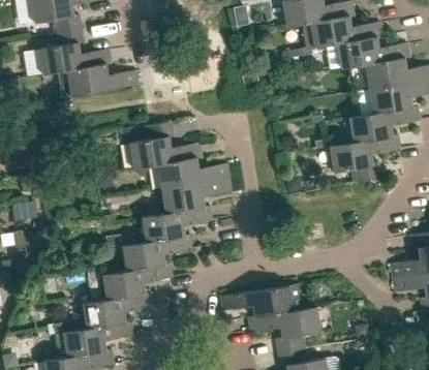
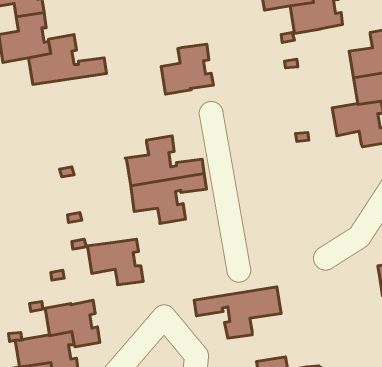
building: [336,23,386,69] -> none
building: [129,123,178,169] -> [161,44,213,94]
building: [329,140,380,183] -> none
building: [141,211,192,254] -> none
building: [101,268,153,311] -> none
building: [272,307,320,353] -> none

